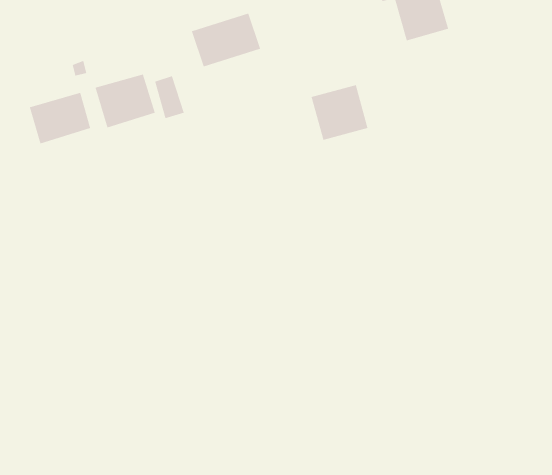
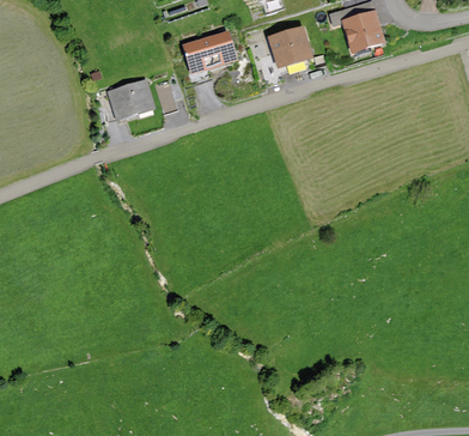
building: [311,84,369,141] -> [269,26,315,71]
building: [29,92,91,144] -> none

